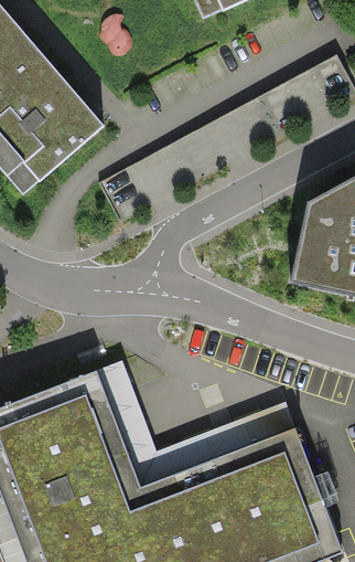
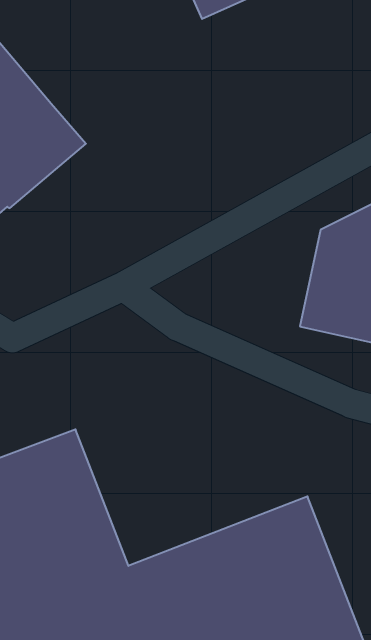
building: [96,361,294,488] -> none

